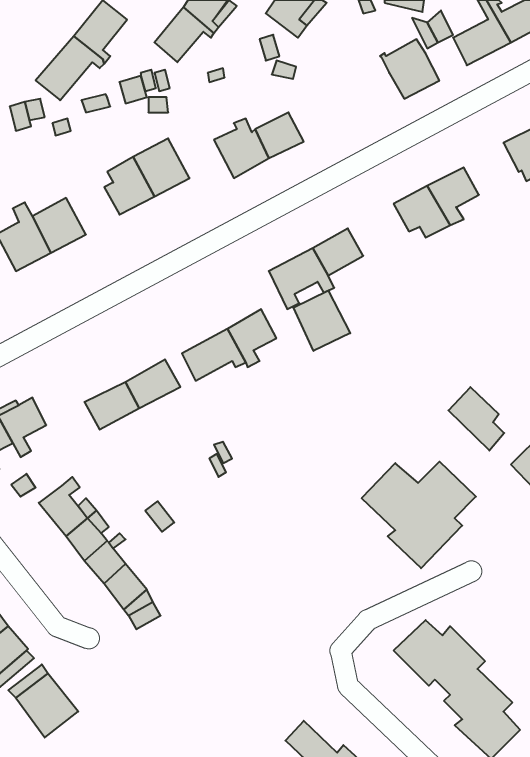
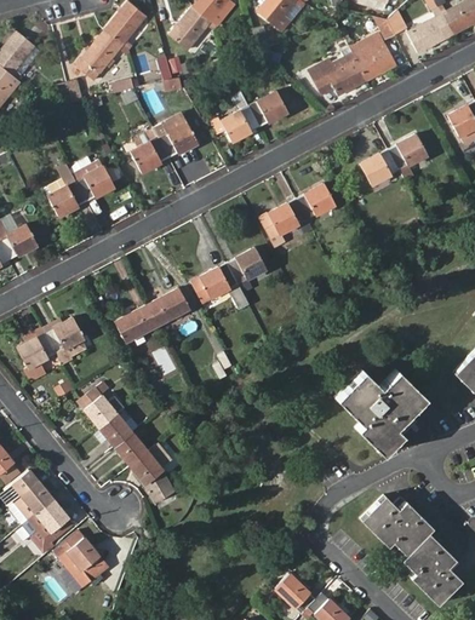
building: none -> [309,47,368,96]
building: [294,290,350,351] -> none
building: [448,387,504,451] -> none

